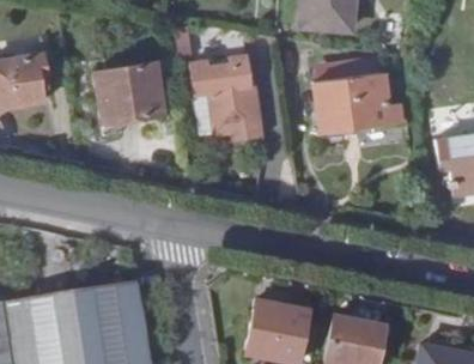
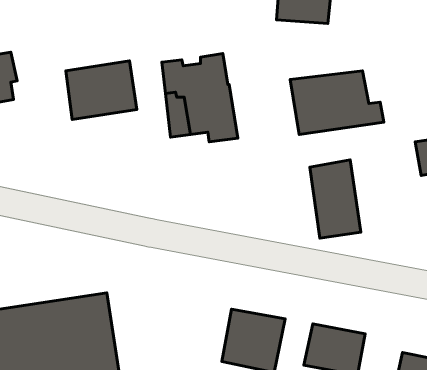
building: none -> [310,160,361,238]

